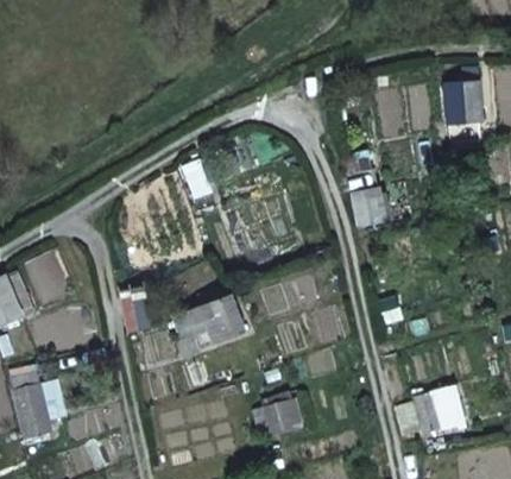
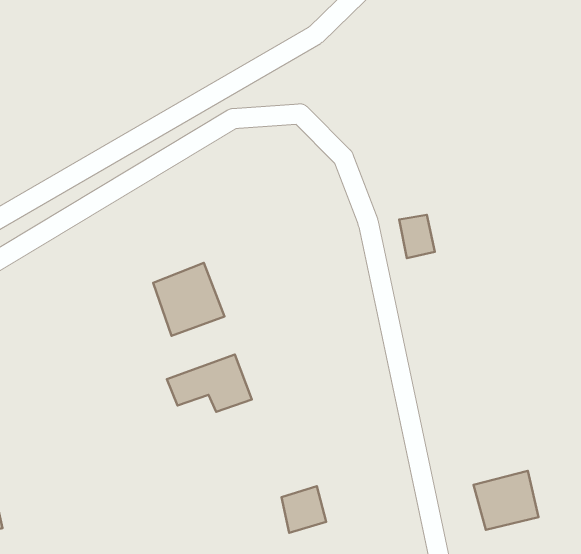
building: [446,81,484,120] -> none
building: none -> [153,263,224,336]

